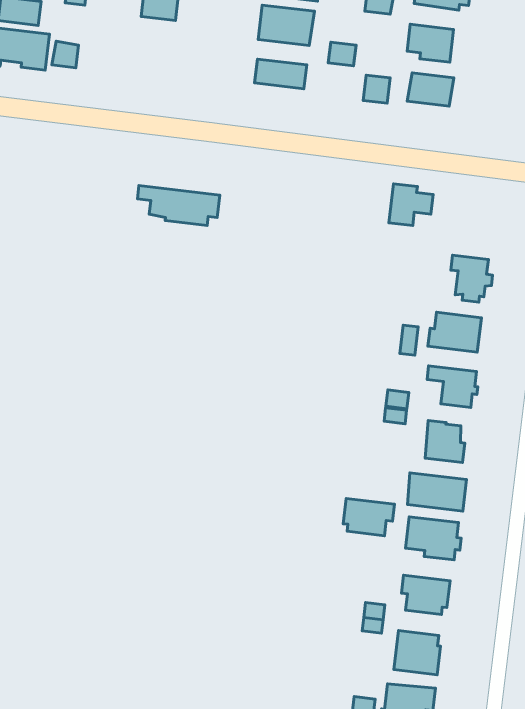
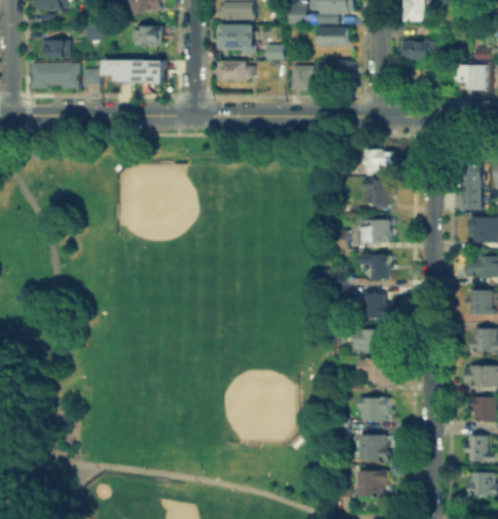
building: [389,184,433,226] -> [364,151,392,177]
building: [137,185,220,225] -> [108,59,162,80]
building: [343,499,394,536] -> none

